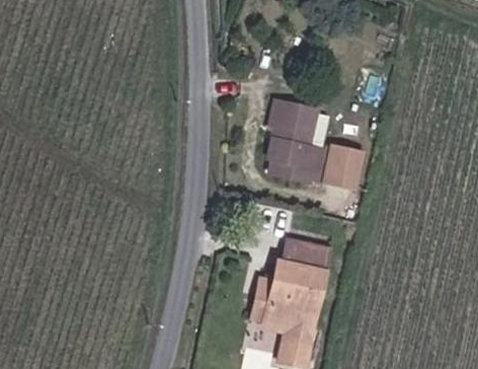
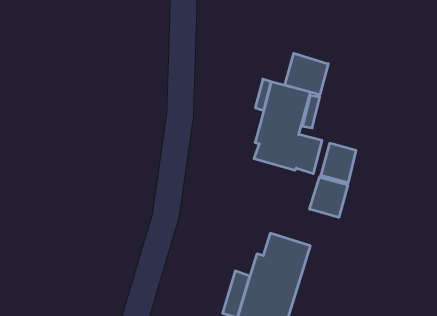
building: none -> [285,53,328,95]
building: none -> [310,177,348,217]

